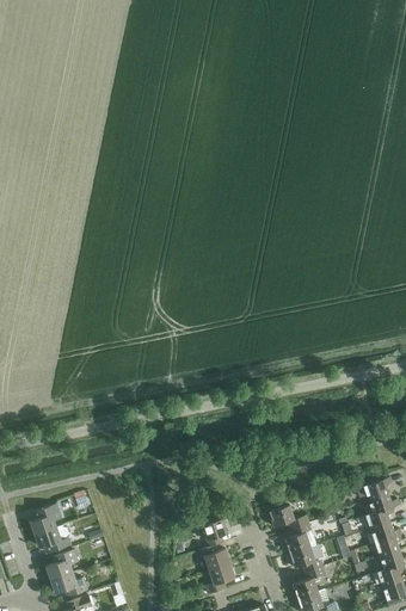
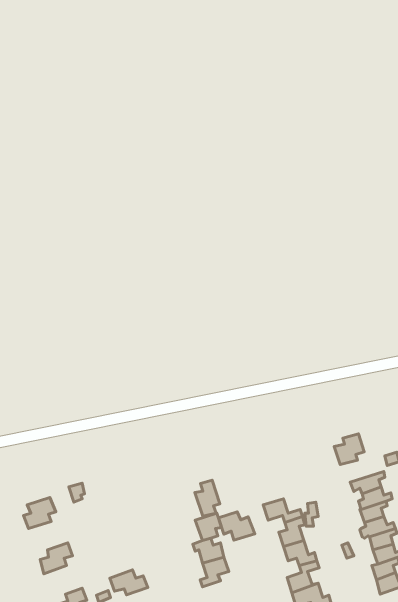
building: none -> [334,434,364,465]
building: none -> [195,480,220,516]
building: none -> [219,512,255,540]
building: [35,526,72,554] -> none
building: [50,573,88,598] -> [110,570,148,595]

